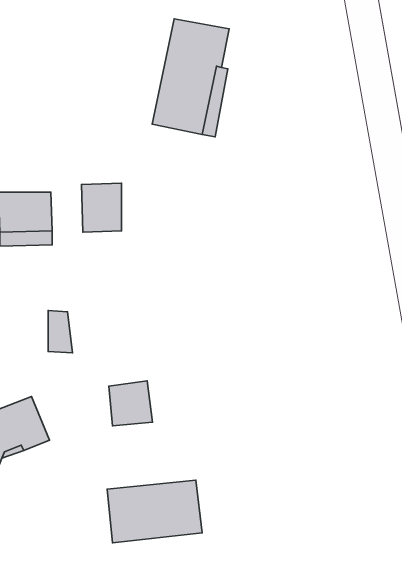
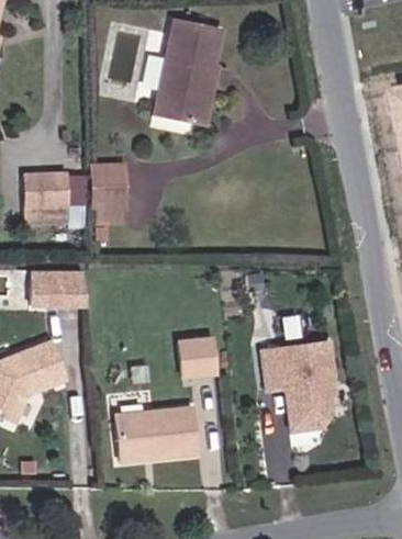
building: none -> [32,267,66,302]
building: [109,381,152,426] -> [179,341,216,380]
building: none -> [264,346,336,433]

